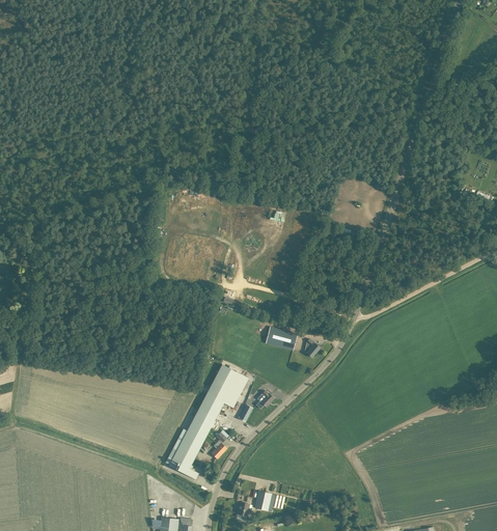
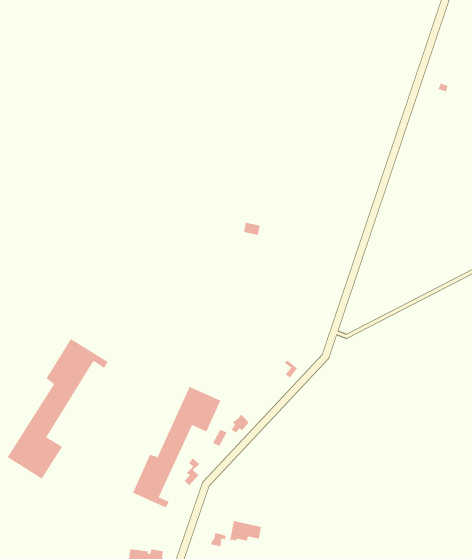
building: none -> [7,338,108,480]
building: [266,327,297,351] -> none

